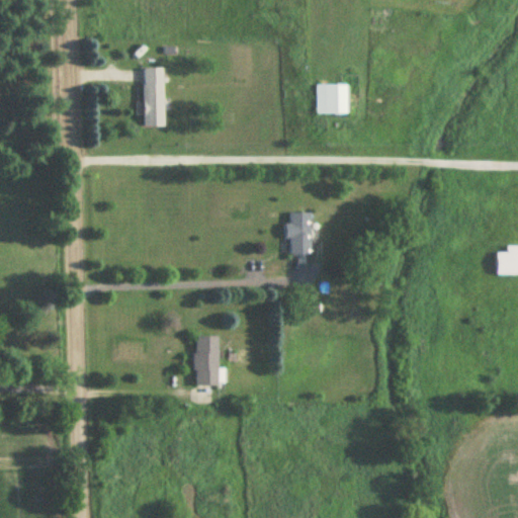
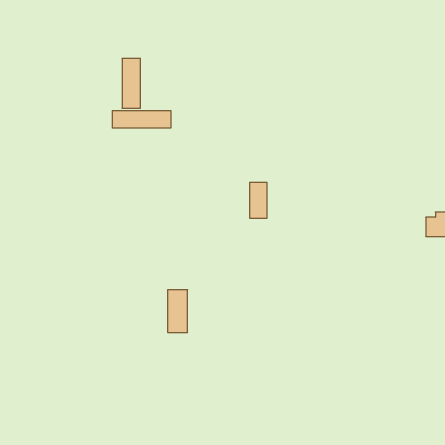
building: [315,84,346,113] -> none
building: none -> [112,111,171,128]

